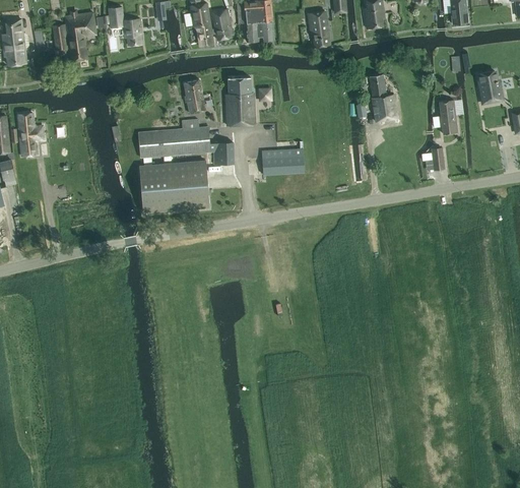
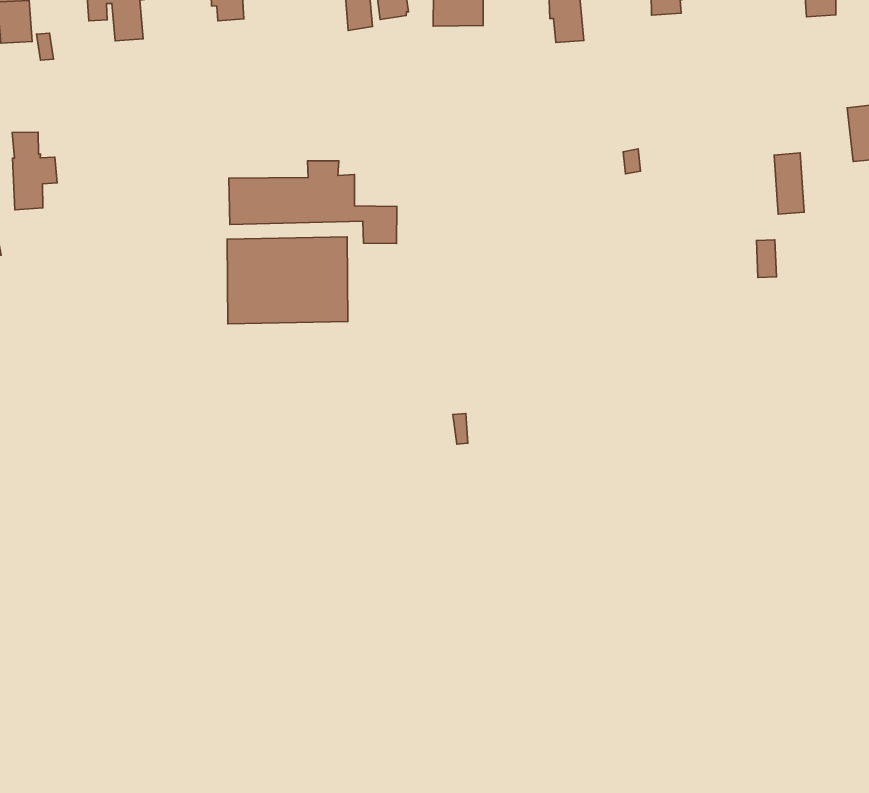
building: [369,73,397,121] -> none
building: [224,76,255,124] -> none
building: [183,79,204,112] -> none
building: [261,155,304,174] -> none

